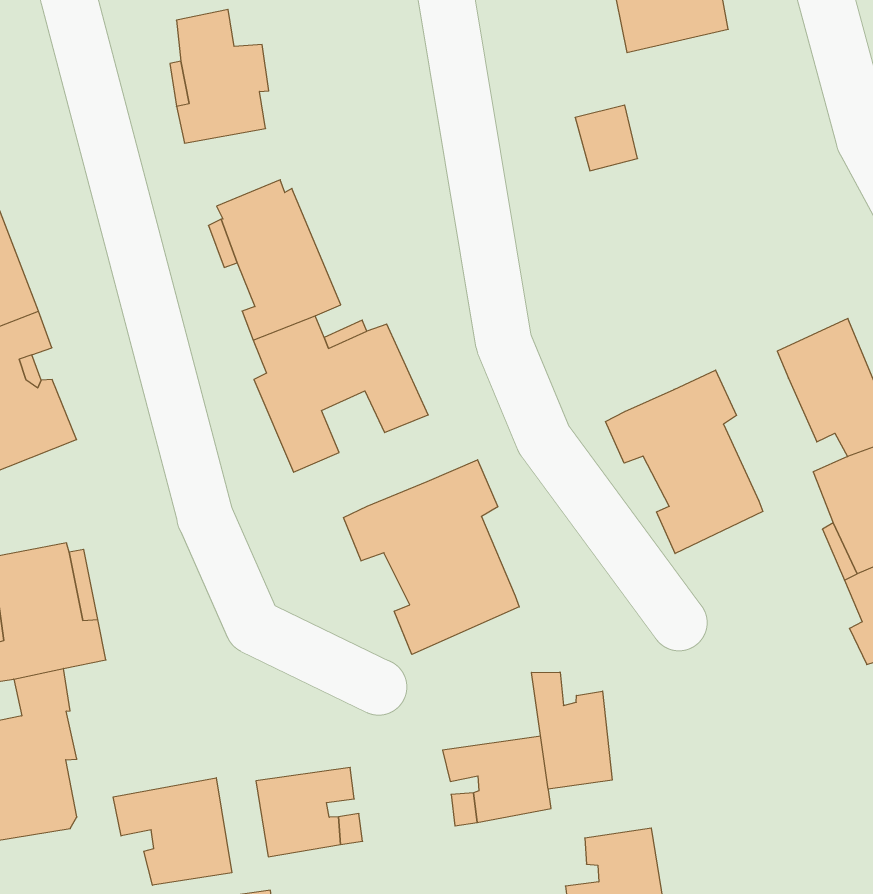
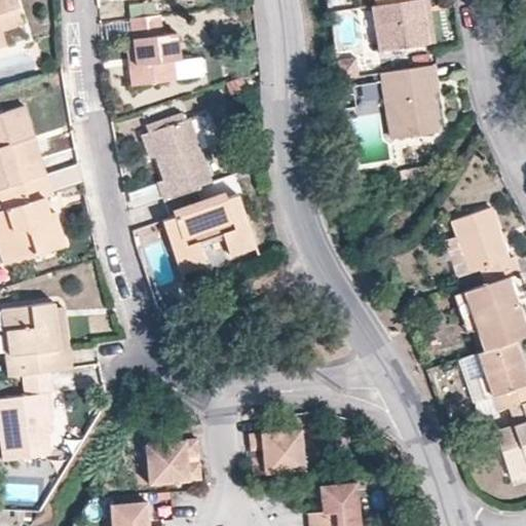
building: none -> [382,66,437,140]
building: [606,370,763,554] -> none
building: [343,460,519,654] -> none
building: [532,672,612,789] -> none
building: [113,778,232,885] -> none

